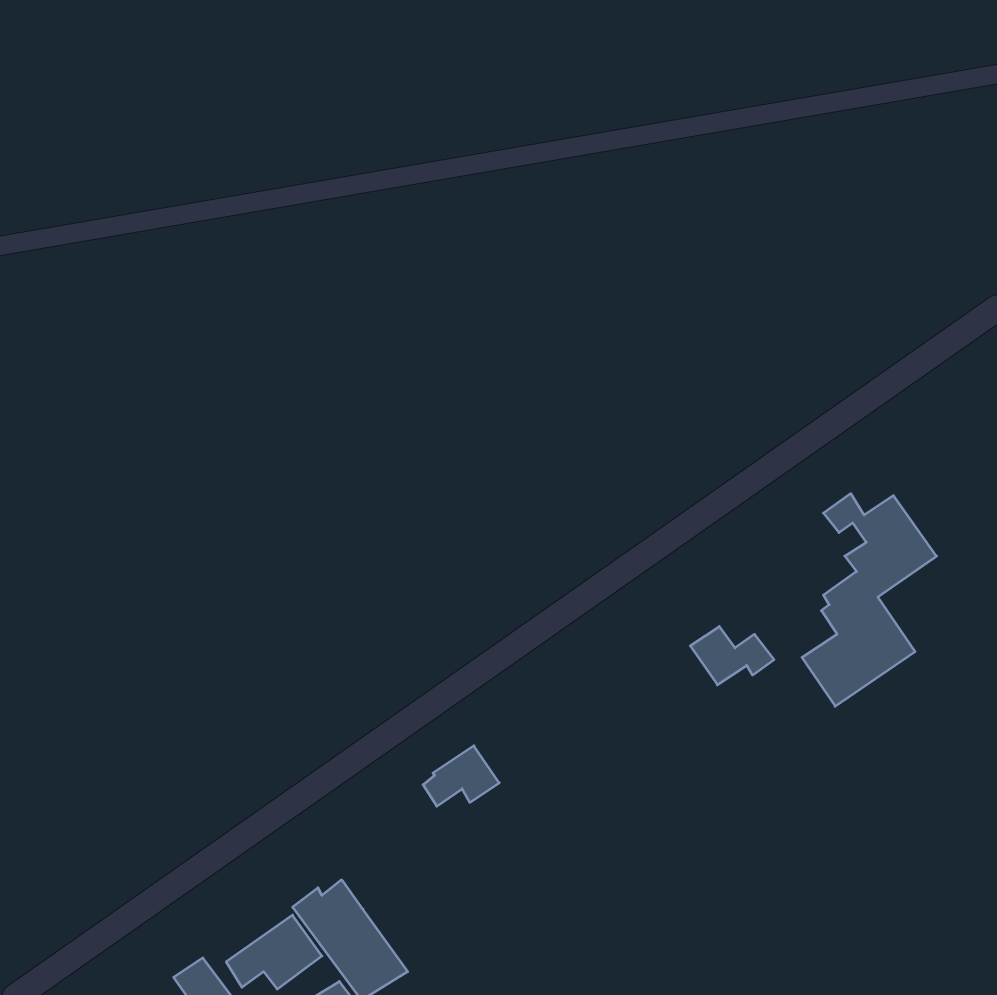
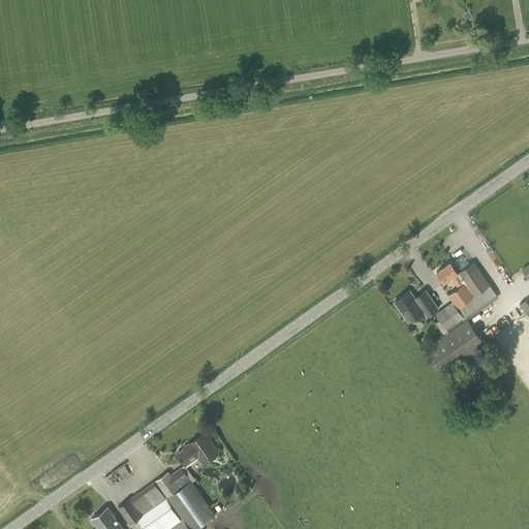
building: [690,626,774,685] -> [394,291,438,322]
building: [423,746,499,806] -> [178,434,218,466]

